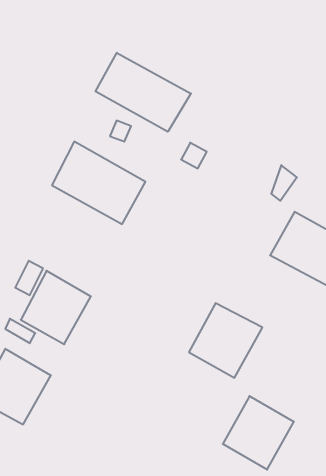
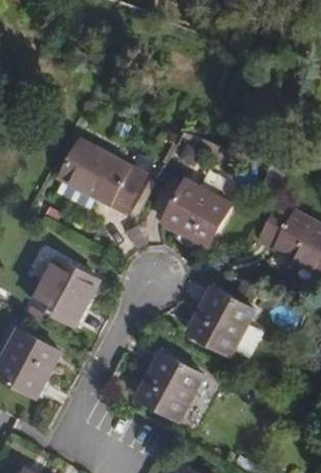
building: [95,53,191,132] -> none
building: none -> [164,178,231,247]
building: [223,396,294,470] -> [137,351,202,418]

